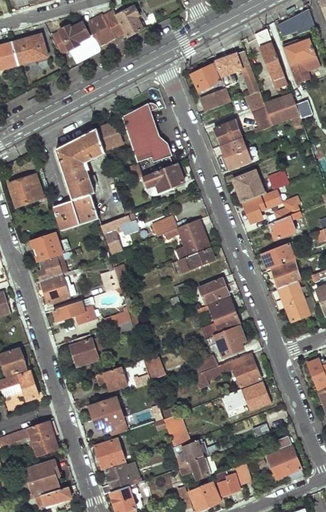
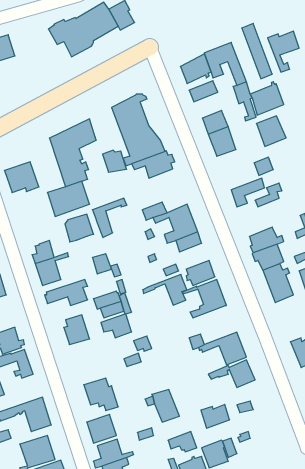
building: [278,9,314,37] -> none
building: [12,35,46,63] -> none
building: [97,125,122,148] -> [103,150,127,172]
building: [234,169,265,201] -> [256,116,286,146]
building: [272,212,299,238] -> none
building: [32,233,62,262] -> [65,214,94,242]
building: [199,324,245,356] -> [143,274,187,305]
building: [95,366,127,391] -> [101,314,132,338]
building: [173,440,203,465] -> [201,404,230,428]
building: [268,446,304,480] -> none

